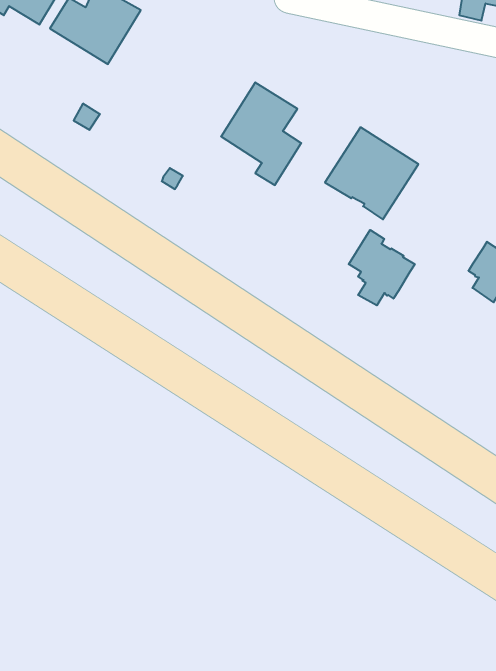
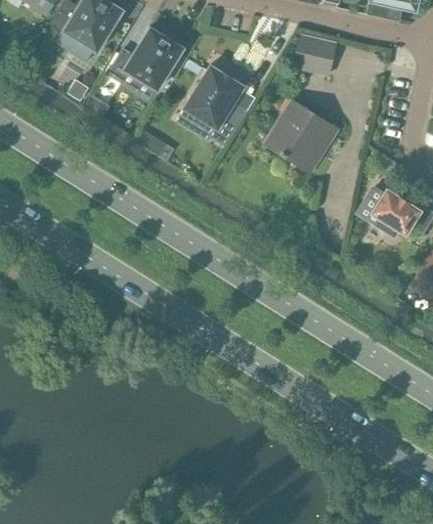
building: none -> [106,28,181,90]
building: none -> [292,35,335,75]
building: [349,230,415,305] -> none

